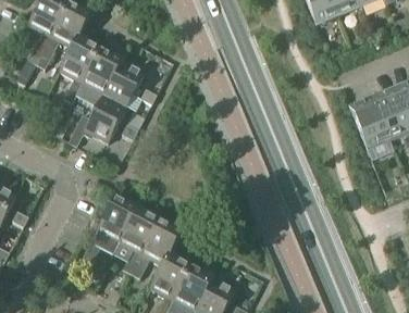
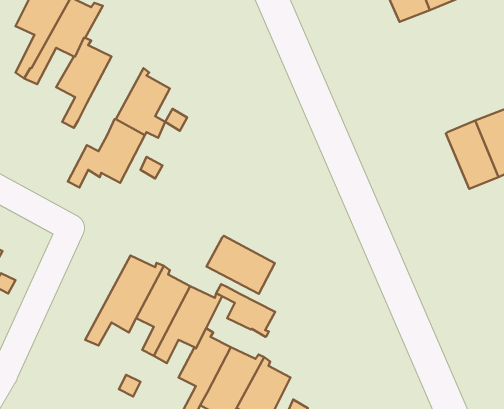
building: [75,47,124,105] -> none
building: none -> [207,236,275,294]
building: none -> [216,284,275,337]

